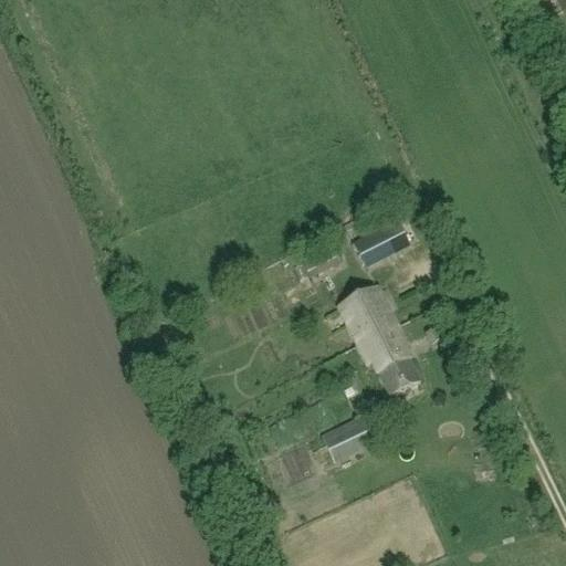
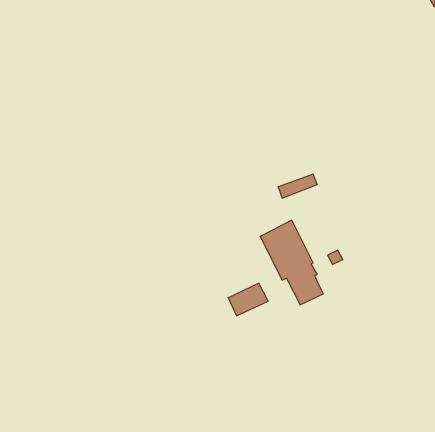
building: [322,416,374,458] -> [228,283,268,316]

